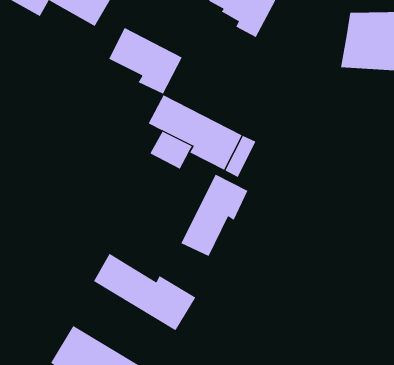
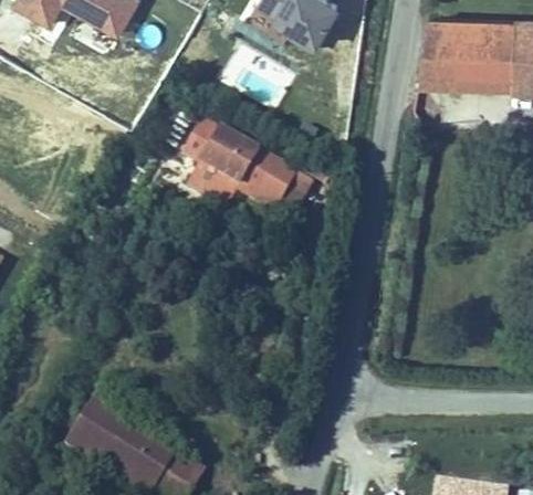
building: [108,27,183,95] -> none
building: [181,174,248,257] -> none
building: [93,253,196,331] -> none

